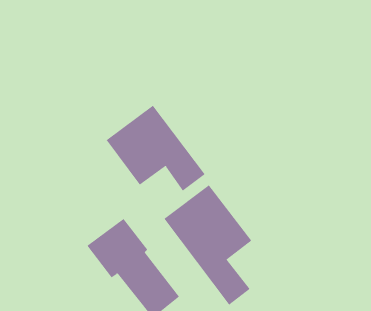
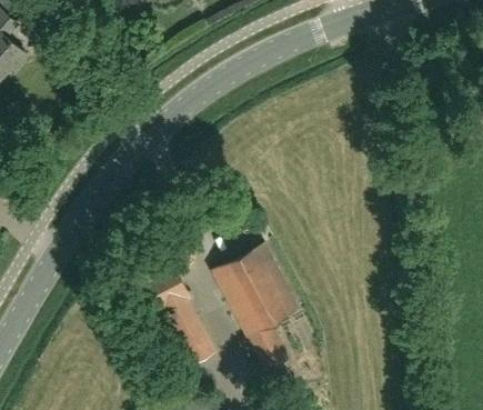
building: [106,105,206,191] -> none

